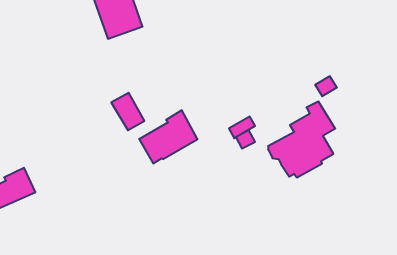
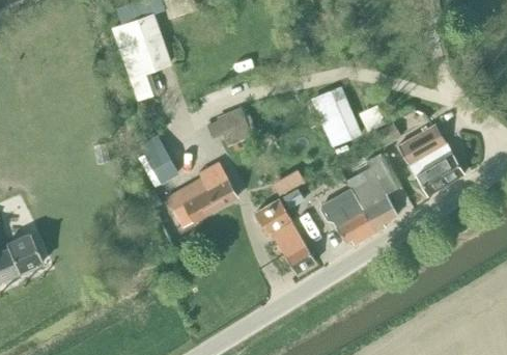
building: none -> [320,85,362,142]
building: none -> [218,107,253,146]
building: none -> [398,124,464,195]
building: none -> [257,200,315,272]

